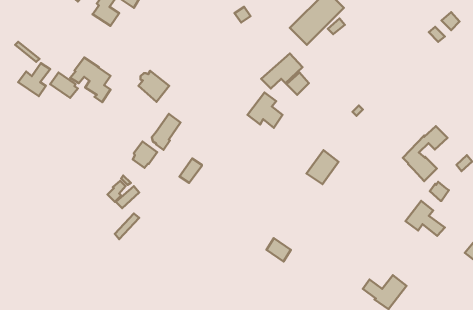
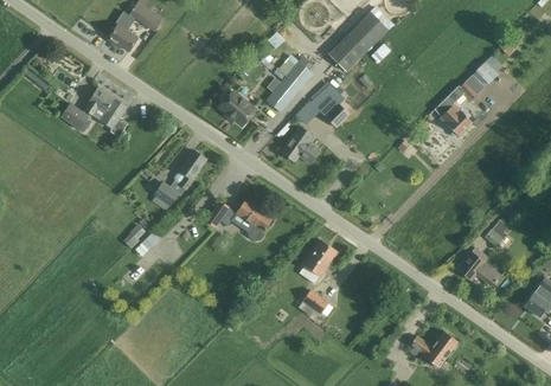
building: none -> [262,56,312,111]
building: [18,63,50,96] -> none
building: [138,71,169,102] -> [219,90,254,124]
building: [403,126,447,181] -> [434,75,483,136]
building: [307,150,338,184] -> [301,238,337,276]
building: none -> [236,199,271,239]

